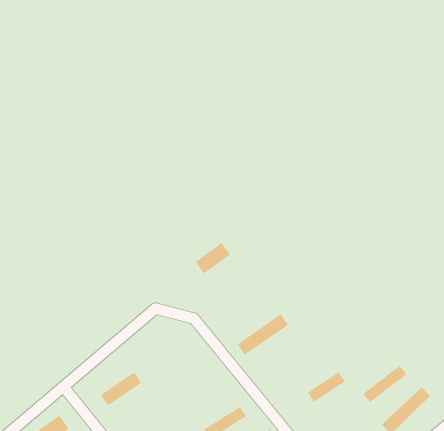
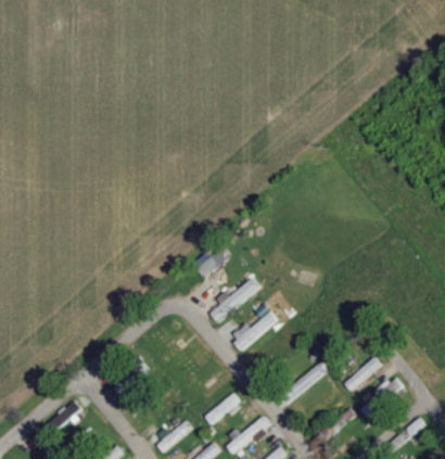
building: none -> [209,278,260,322]

